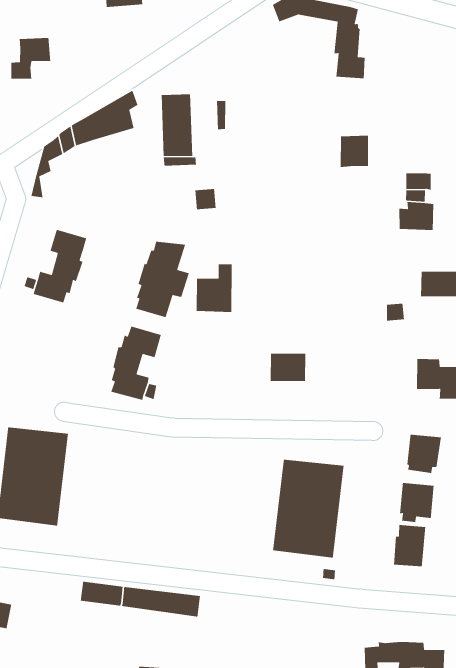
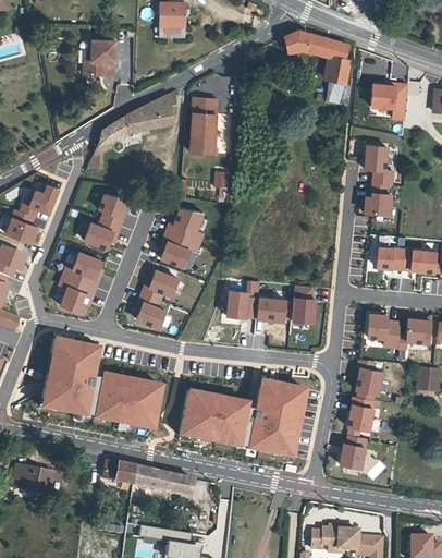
building: none -> [371,83,407,119]
building: [340,135,369,168] -> [365,147,389,172]
building: [196,263,232,313] -> [228,282,258,320]
building: none -> [61,252,103,313]
building: none -> [292,287,317,325]
building: none -> [96,373,164,429]
building: none -> [182,389,253,447]

